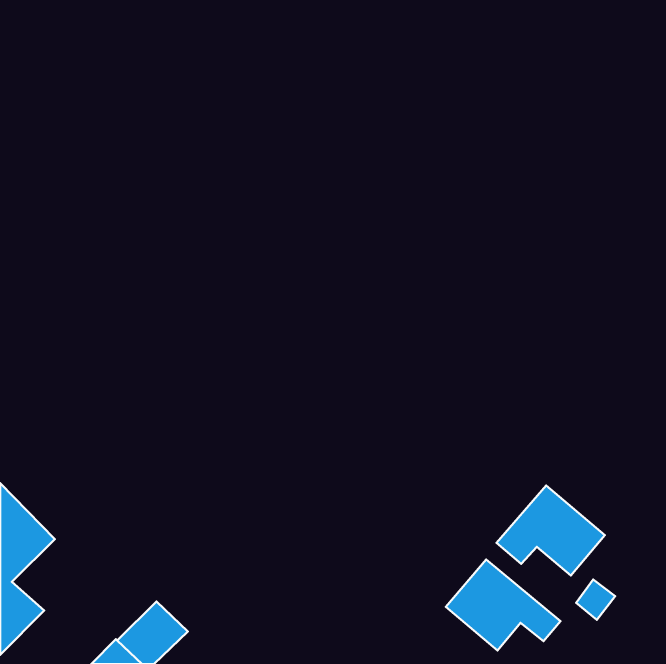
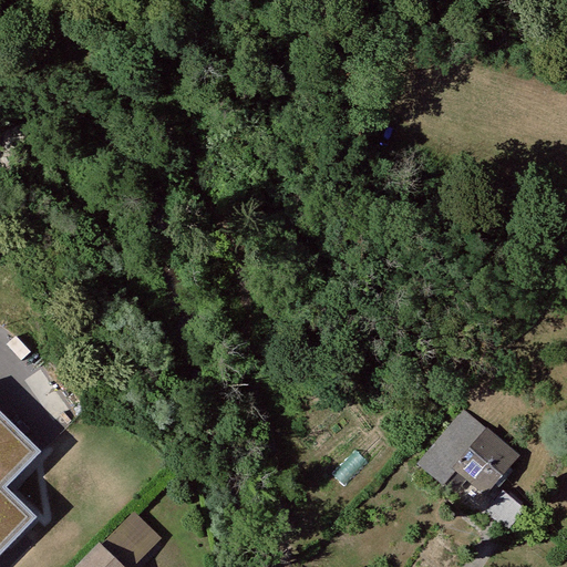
building: [446,559,561,650] -> none

